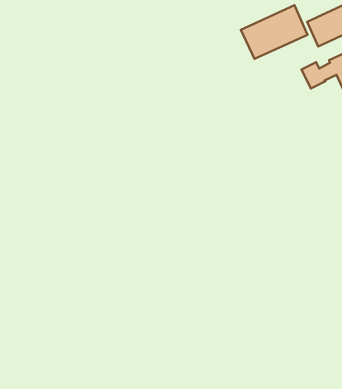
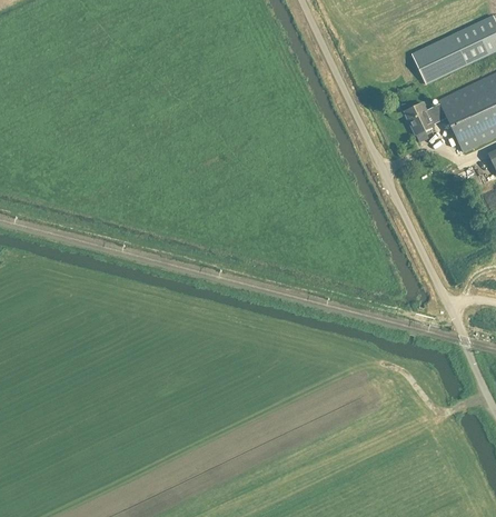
building: [241,5,308,59] -> none

